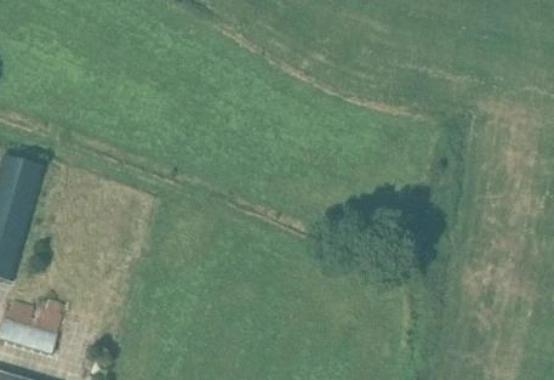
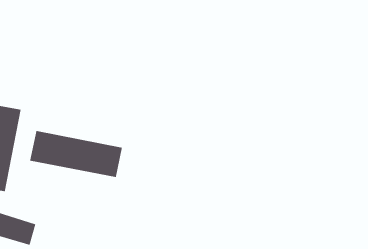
building: none -> [30,130,122,178]

